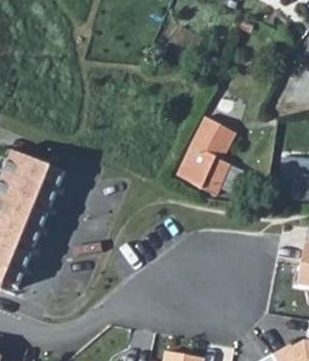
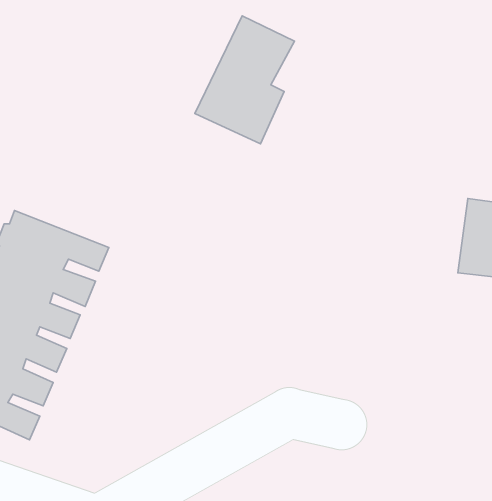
building: [173,127,232,204] -> [195,16,294,144]

